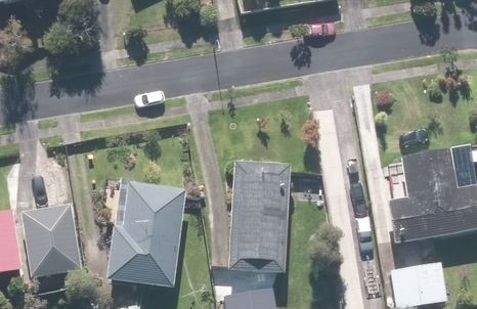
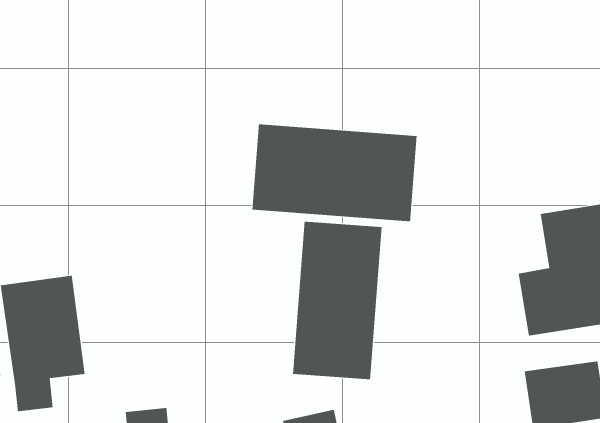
building: none -> [252,123,417,222]
building: [103,181,184,288] -> none

